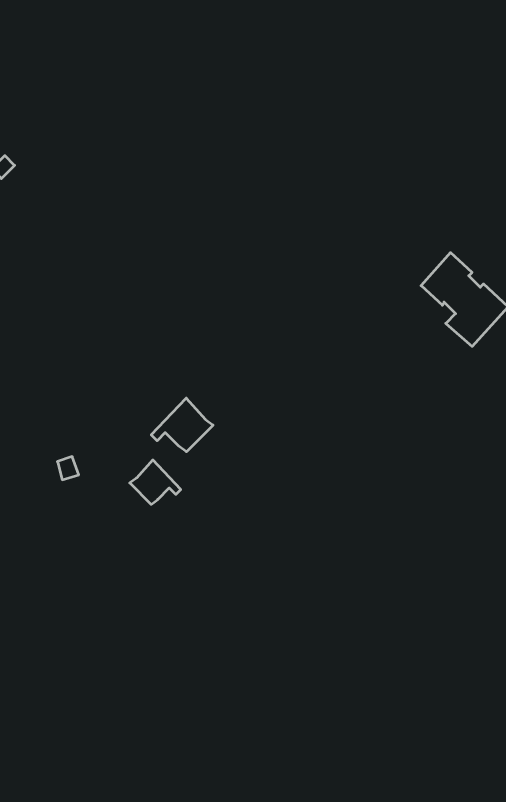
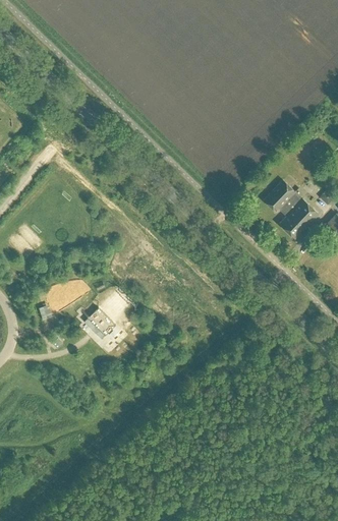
building: [151,398,213,452] -> none

